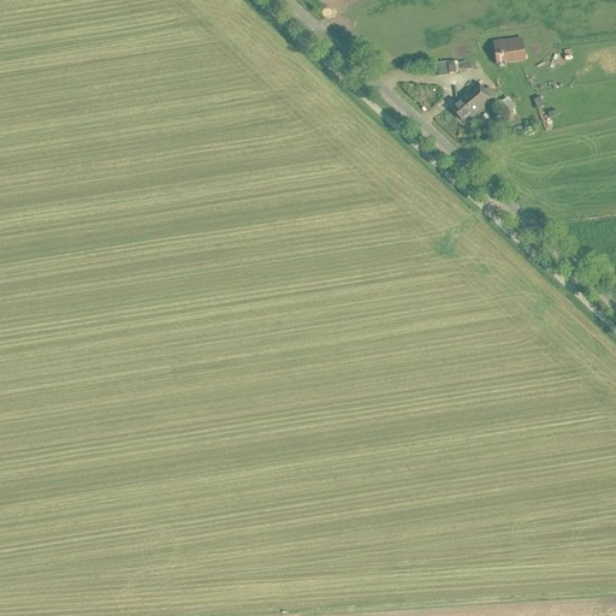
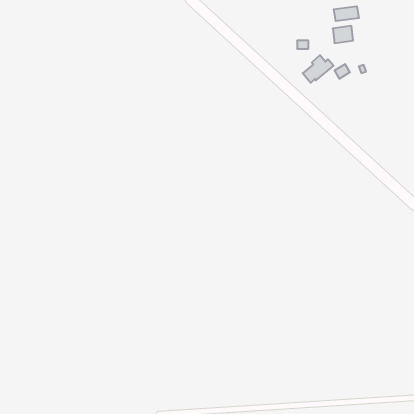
building: none -> [334,6,359,21]

